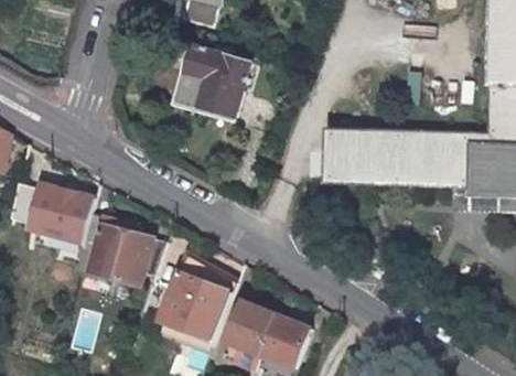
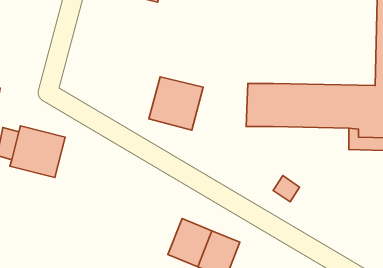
building: [178,49,246,116] -> [149,77,203,130]
building: [86,222,158,289] -> none
building: [157,268,234,343] -> none

